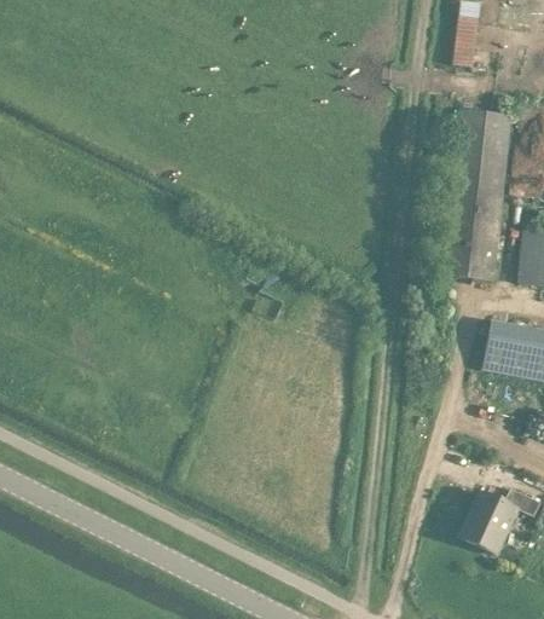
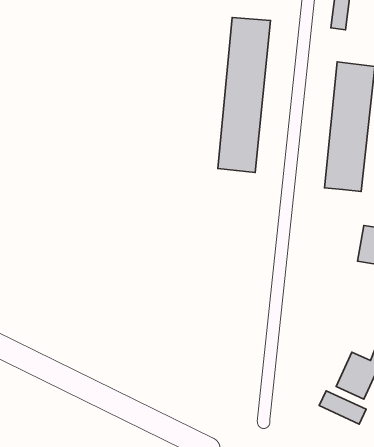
building: none -> [218,17,271,172]
building: none -> [319,391,366,424]

